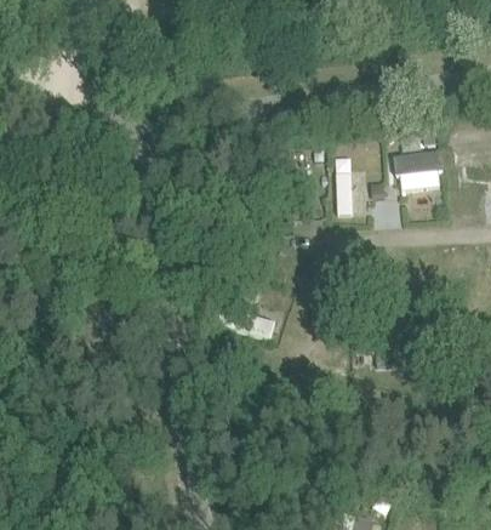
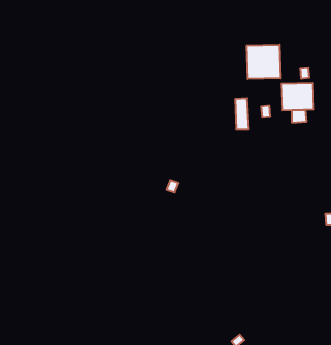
building: none -> [246,45,280,79]

